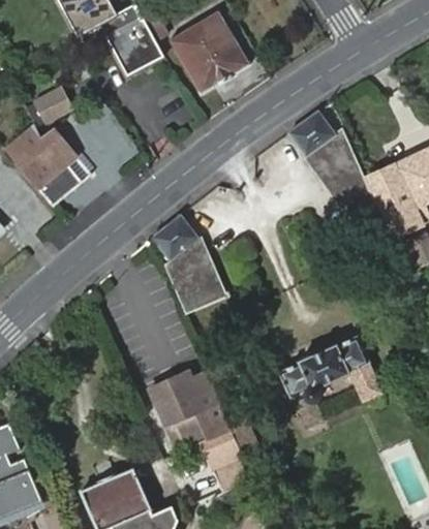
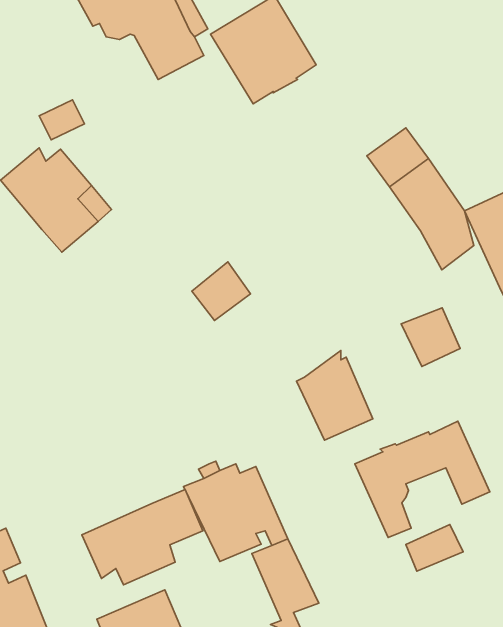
building: [164,240,223,309] -> [297,350,373,440]
building: none -> [401,308,460,366]
building: none -> [82,490,203,585]
building: none -> [406,524,463,571]

